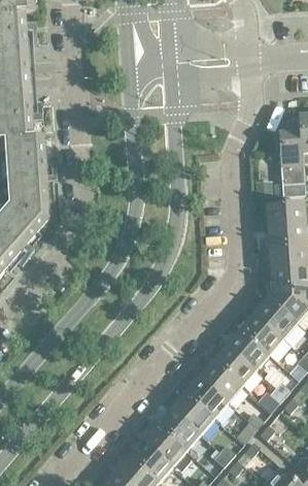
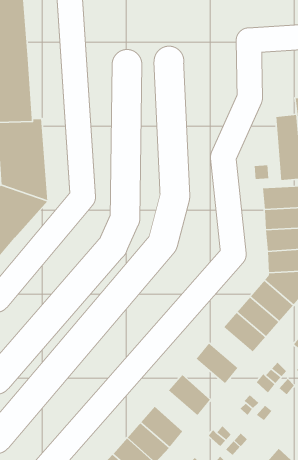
building: [211,346,255,387] -> none
building: [184,378,228,419] -> none
building: [157,410,200,451] -> none

